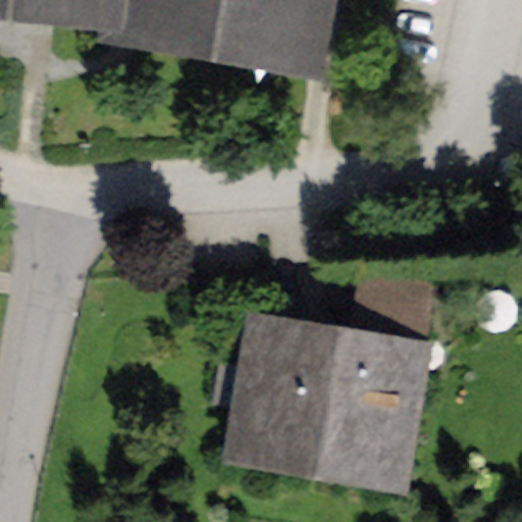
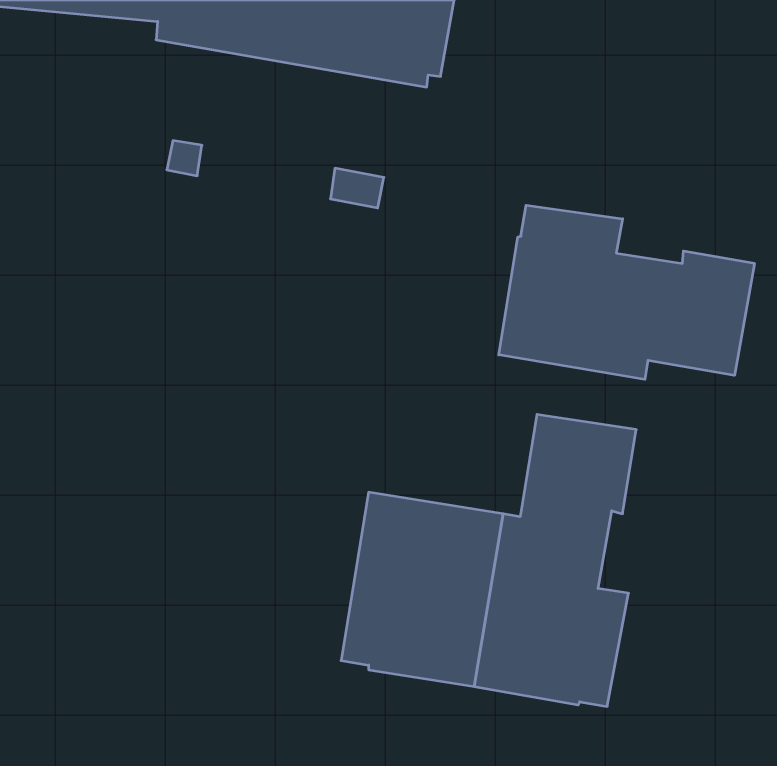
building: none -> [499,205,754,379]

